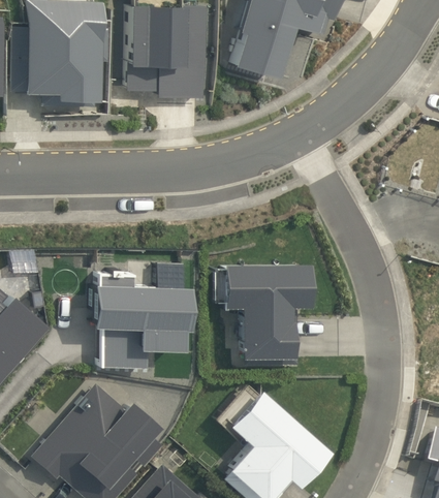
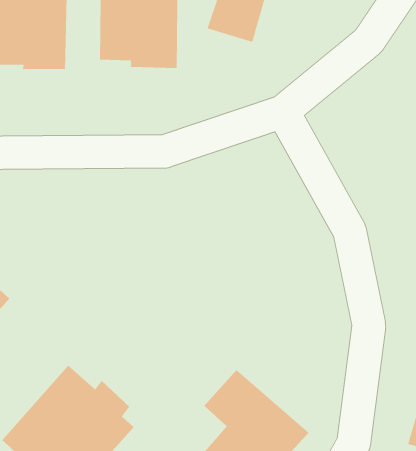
building: [226,263,312,368] -> none
building: [93,270,189,370] -> none

